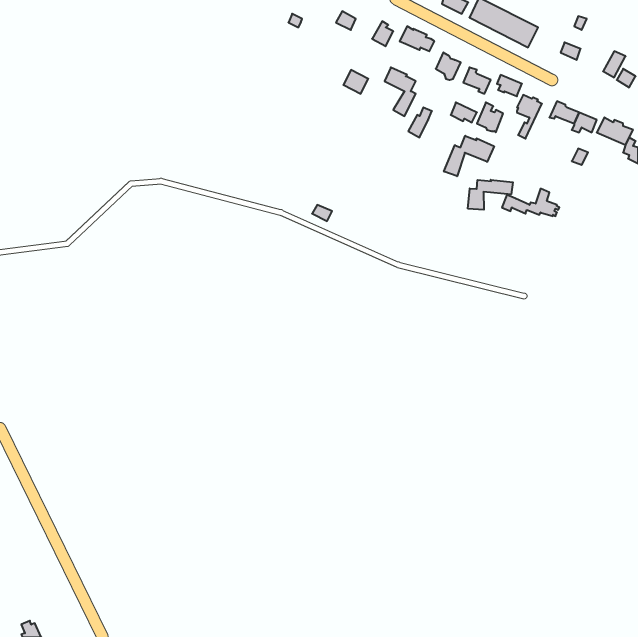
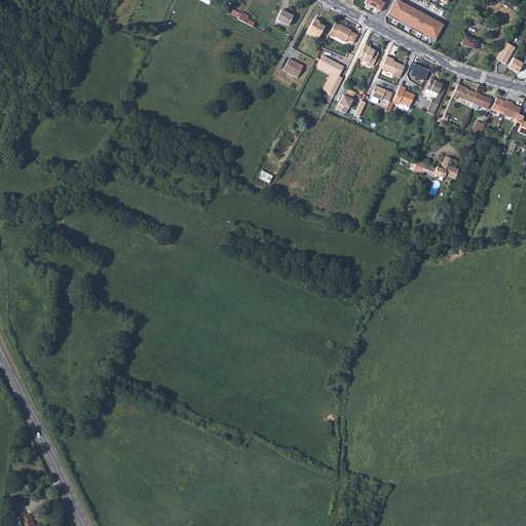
building: [444,136,494,176] -> none
building: [468,180,513,210] -> none

